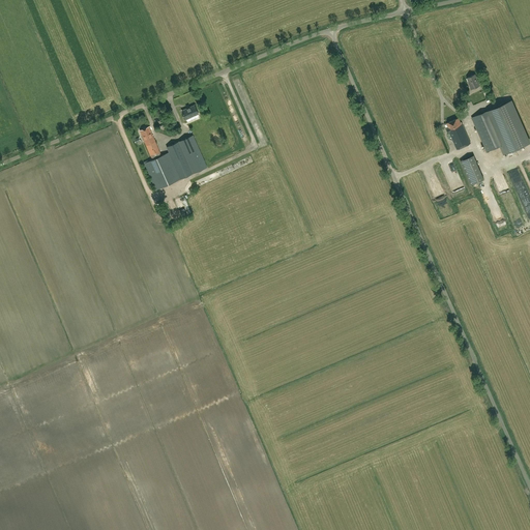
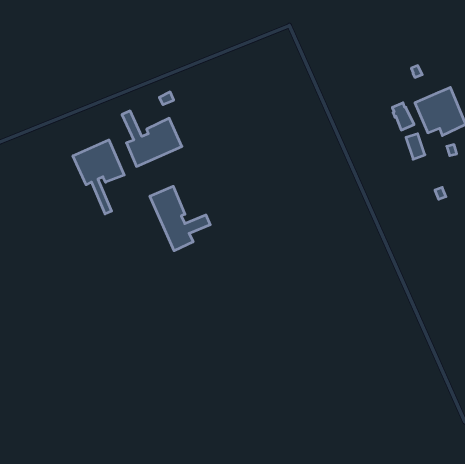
building: none -> [73,140,124,214]
building: none -> [150,186,210,251]

